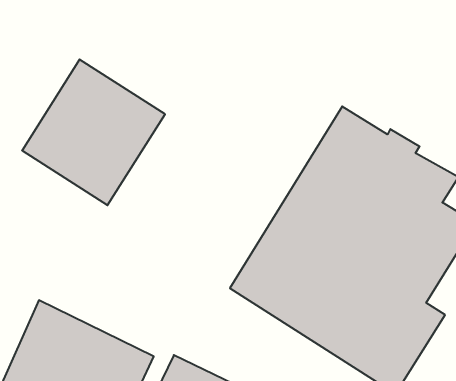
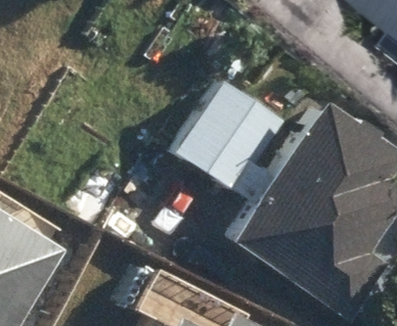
building: [22,59,165,205] -> [169,77,278,188]

